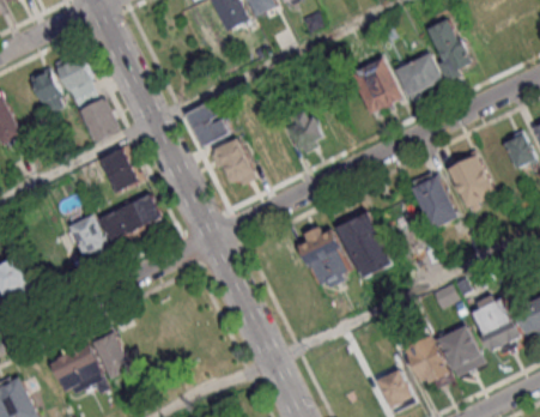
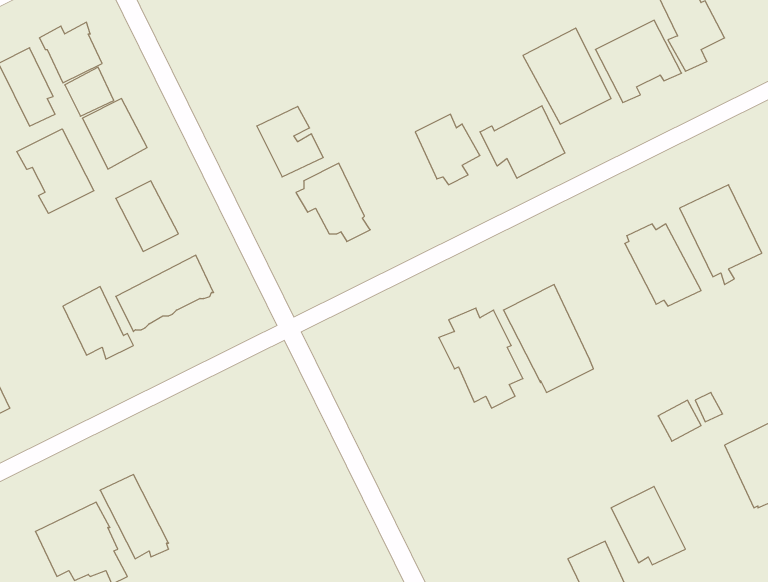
building: none -> [480,106,565,178]
building: none -> [17,129,94,213]
building: [437,325,487,379] -> none

